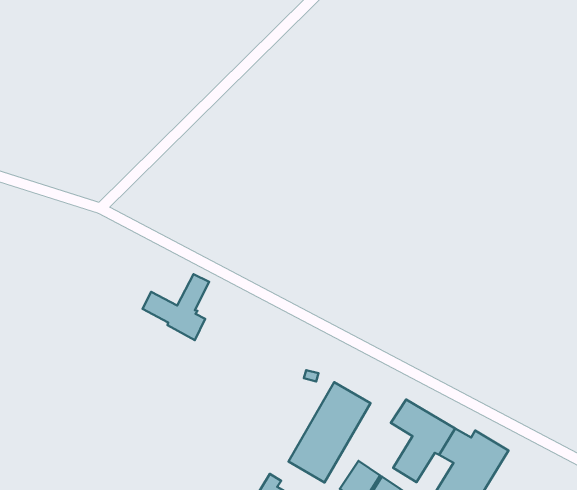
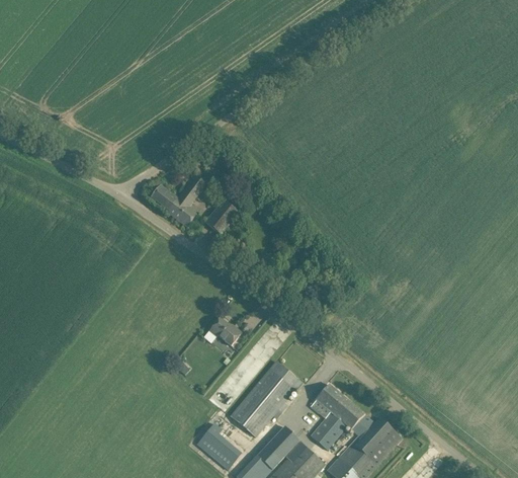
building: none -> [204,200,245,235]
building: [143,274,209,340] -> [150,175,205,227]
building: none -> [208,317,241,345]

